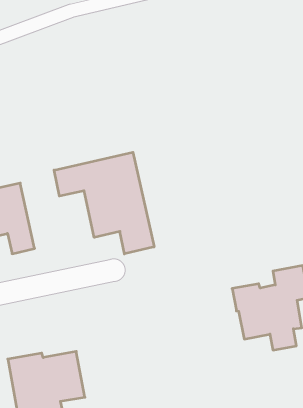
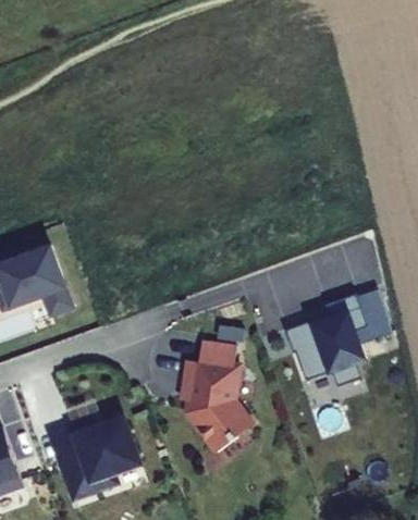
building: [54,152,154,254] -> none
building: none -> [184,347,251,455]

